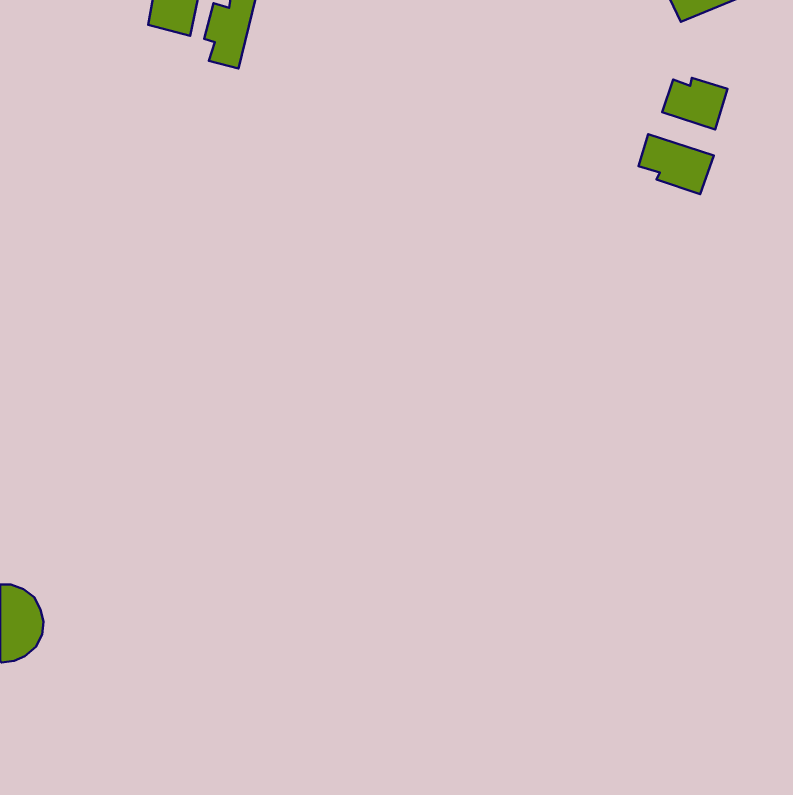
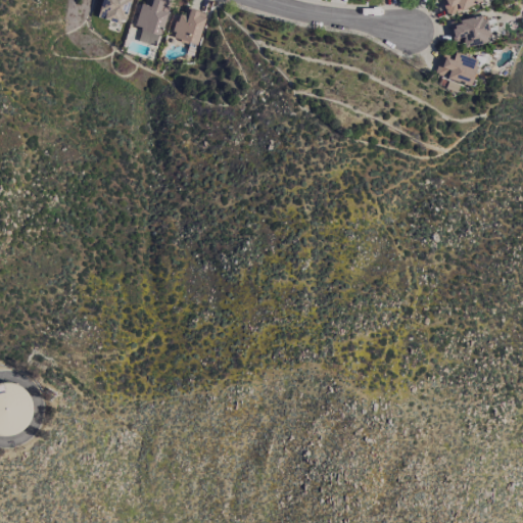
building: none -> [172,7,207,44]
building: none -> [450,13,492,47]
building: [638,134,714,194] -> none

